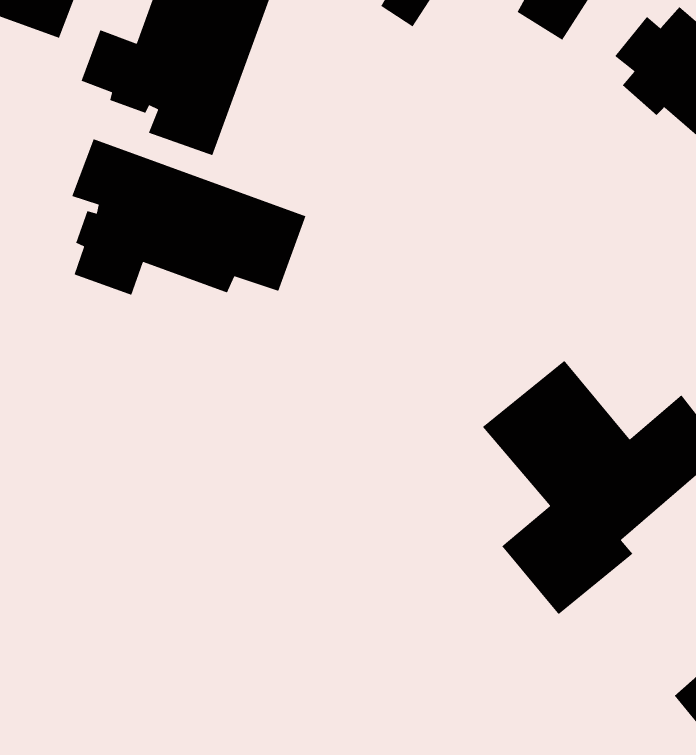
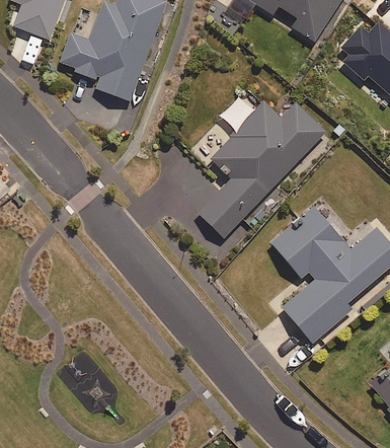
building: [71,138,306,296] -> none
building: none -> [199,100,325,238]

